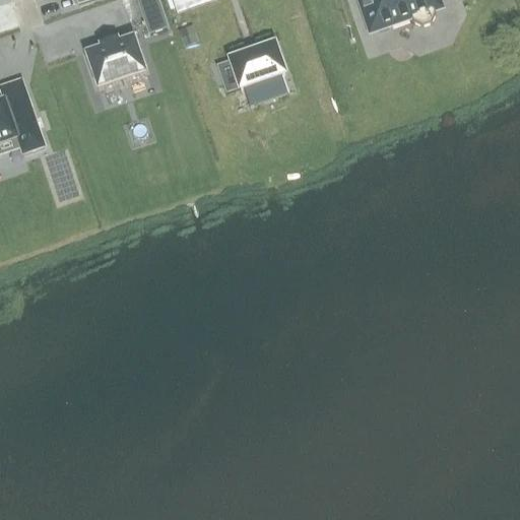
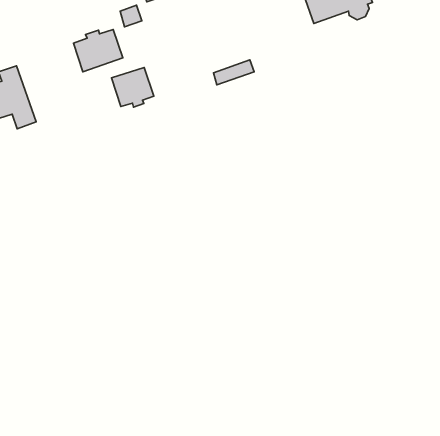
building: [228,42,282,85] -> none
building: none -> [111,68,154,107]

